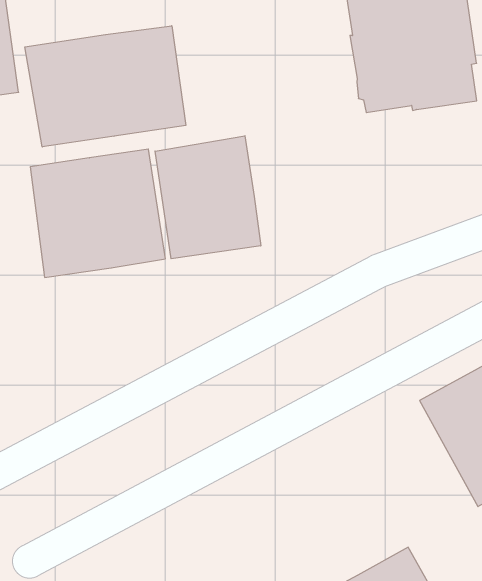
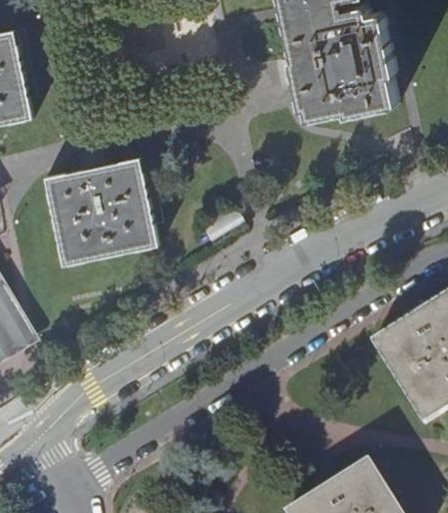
building: [25,26,186,147] -> none
building: [155,136,261,259] -> none

